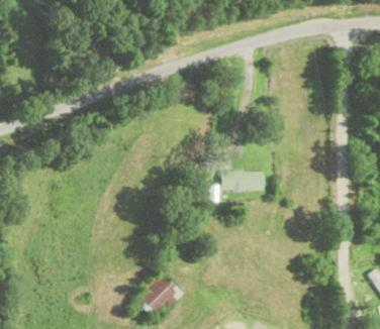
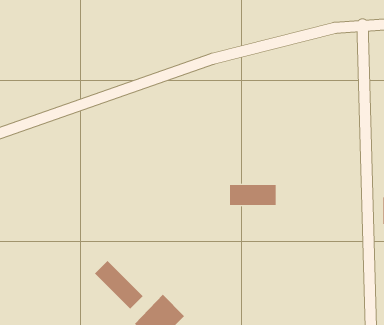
building: none -> [94,260,143,309]

